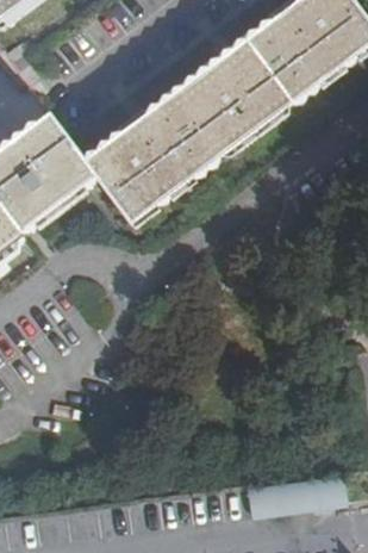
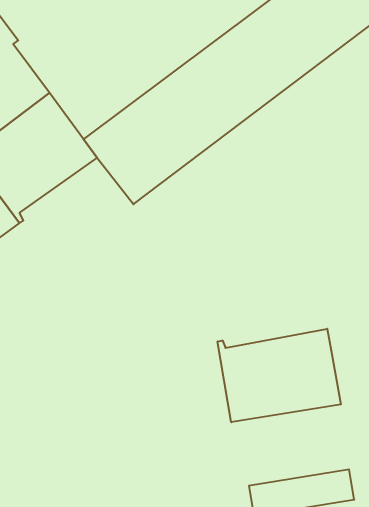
building: none -> [218,329,341,422]

